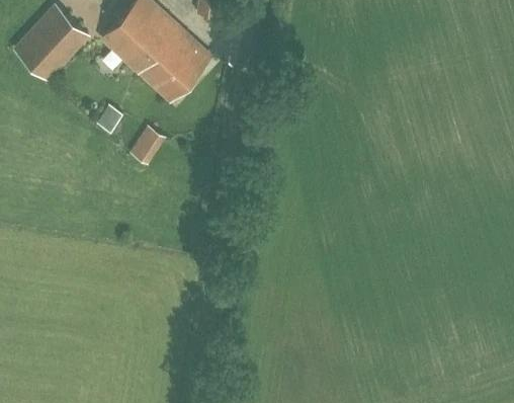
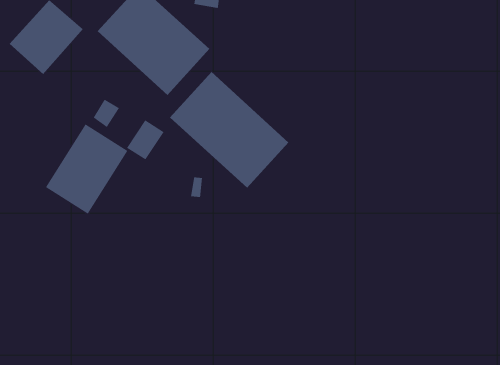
building: none -> [169,71,289,189]
building: none -> [45,124,128,215]

